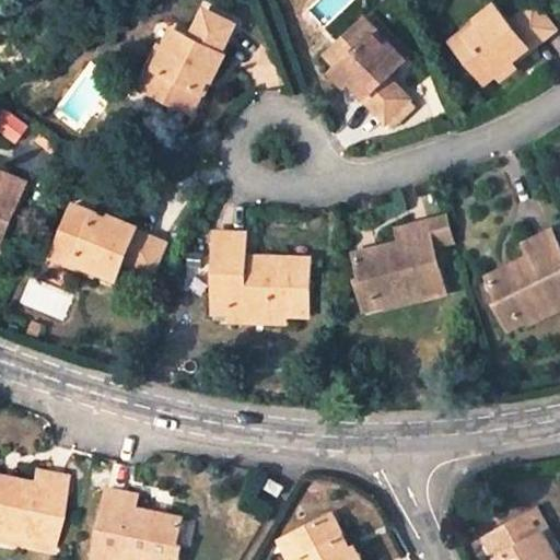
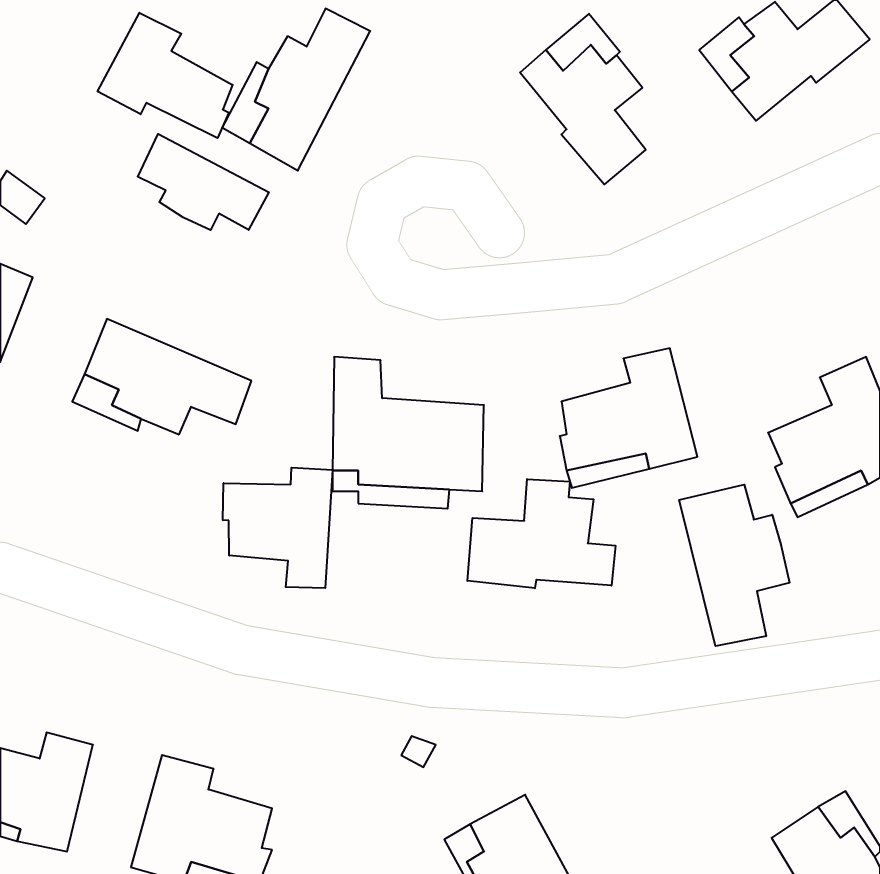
building: none -> [98,13,233,138]
building: none -> [138,134,269,230]
building: none -> [223,468,332,588]
building: none -> [467,479,615,588]
building: none -> [679,485,790,646]

